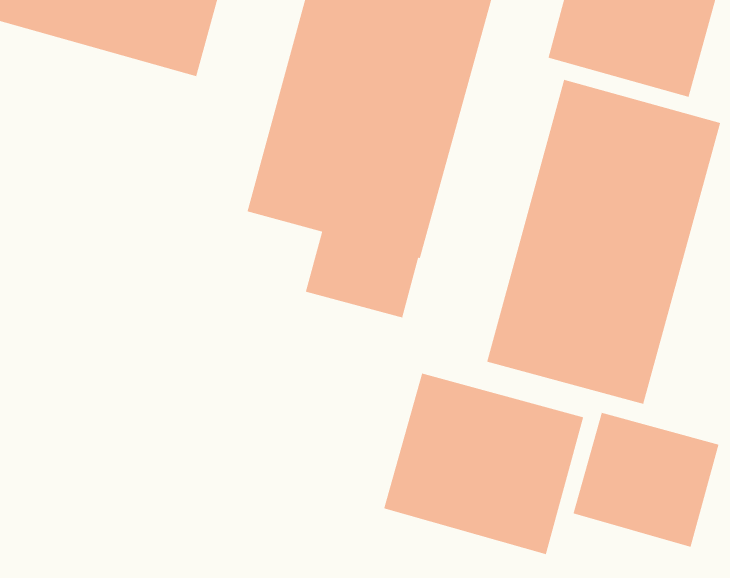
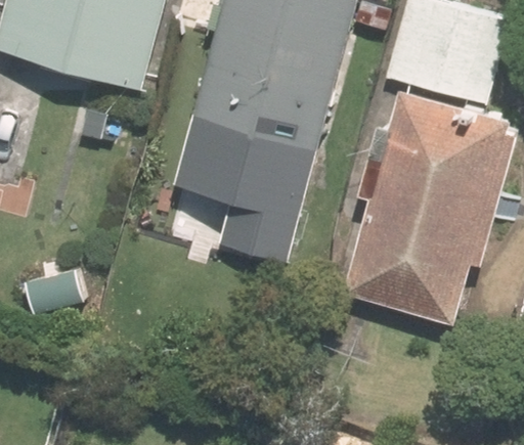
building: [383,373,584,555] -> none
building: [572,412,719,548] -> none

